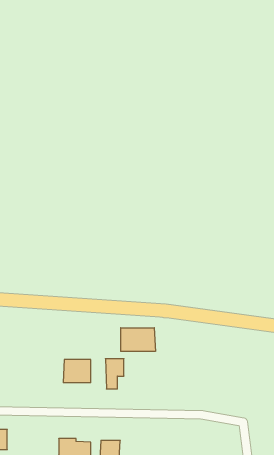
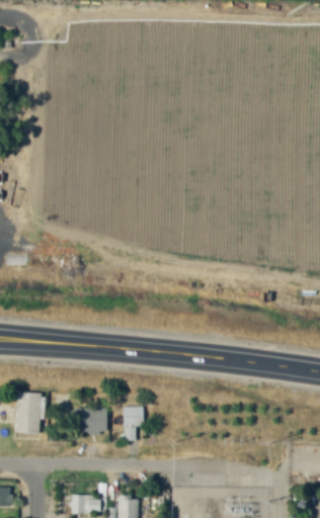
building: [121,328,155,351] -> none
building: none -> [16,393,47,434]

